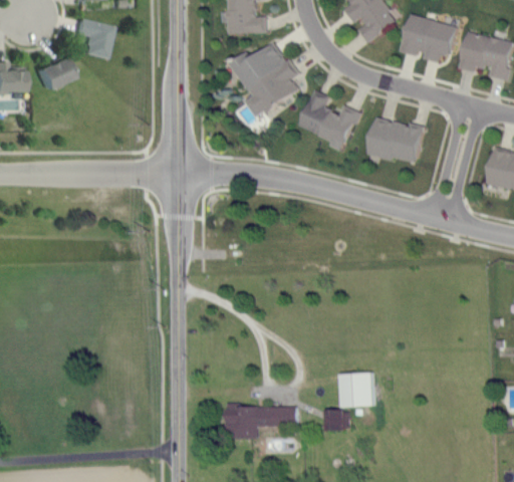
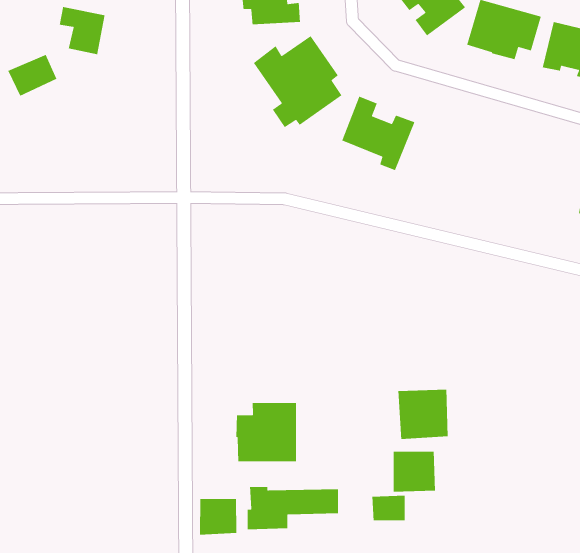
building: [367,116,425,164] -> none
building: none -> [398,389,448,440]
building: none -> [235,402,297,462]
building: none -> [199,498,237,536]

